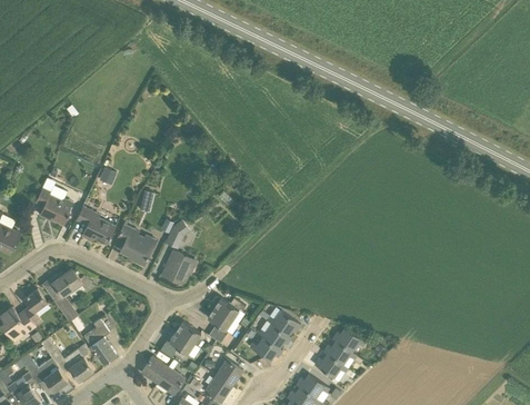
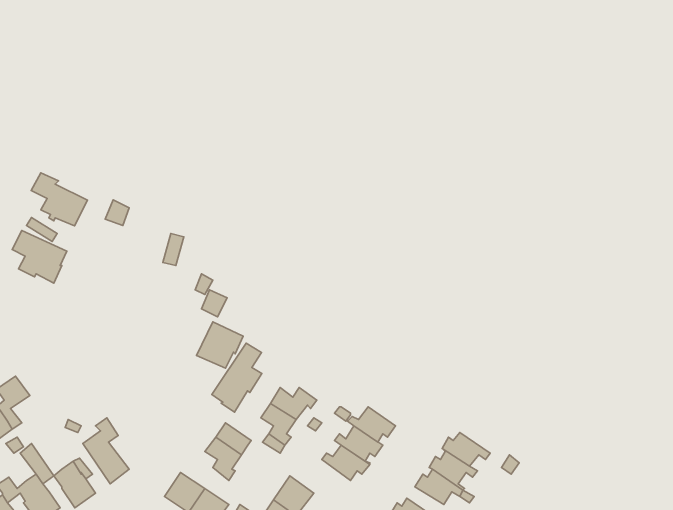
building: [76,207,114,244] -> [31,173,87,226]
building: [116,225,153,265] -> none
building: none -> [212,343,262,412]
building: [43,268,84,320] -> none

